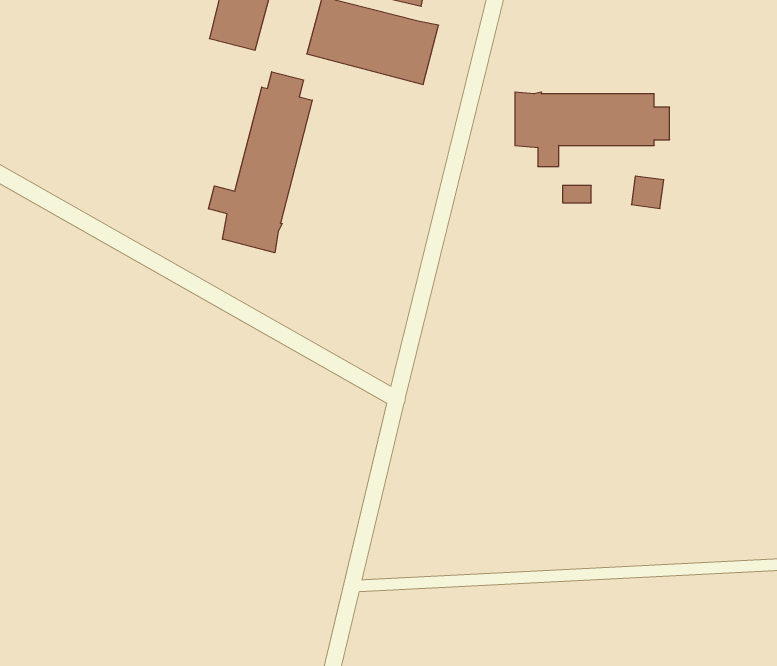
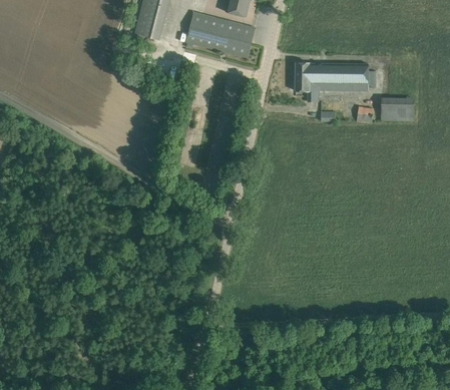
building: [208,72,312,253] -> none
building: none -> [382,97,415,120]

